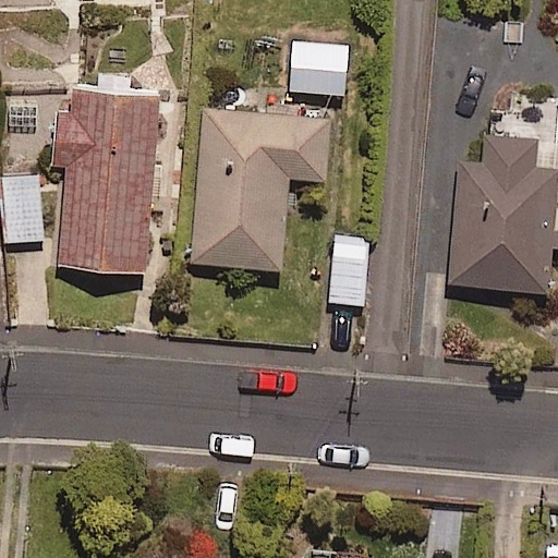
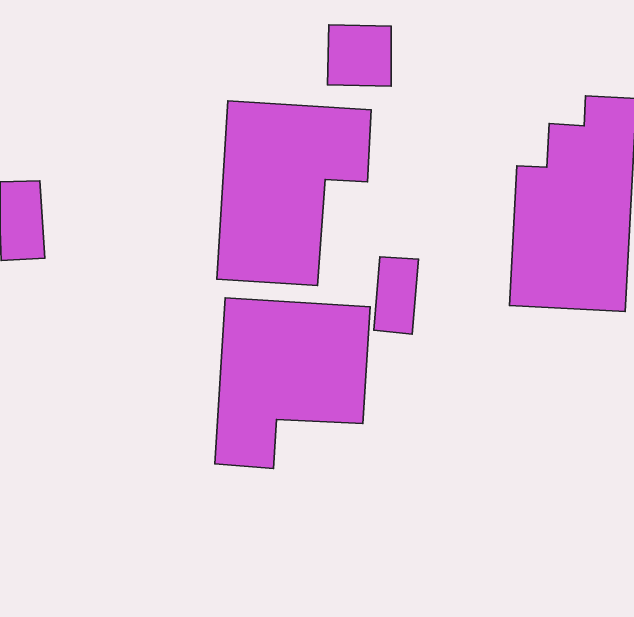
building: [58,88,161,282] -> none
building: none -> [215,298,370,468]

